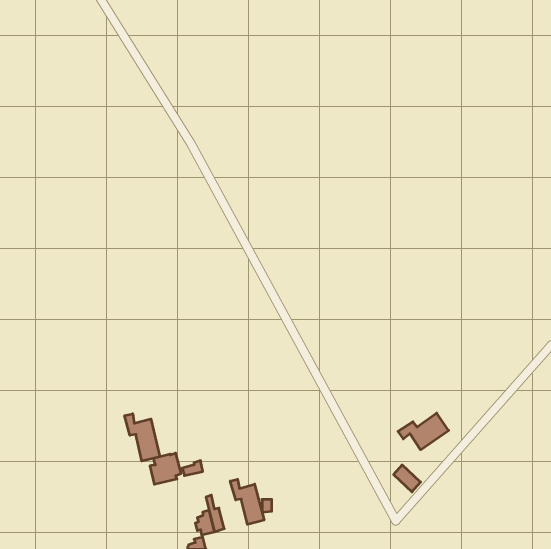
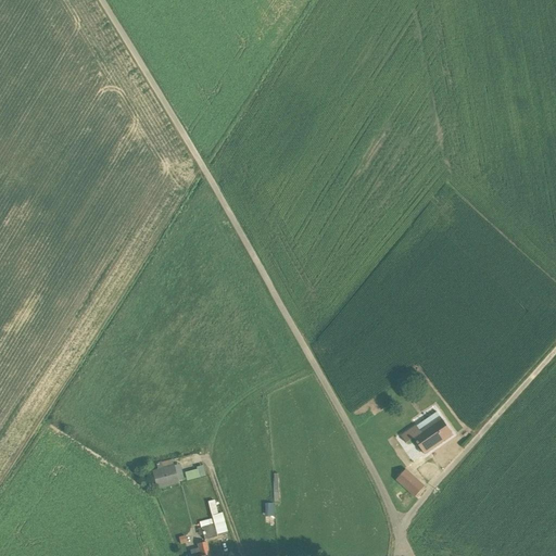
building: [125,414,160,461] -> none
building: [230,479,264,524] -> none

